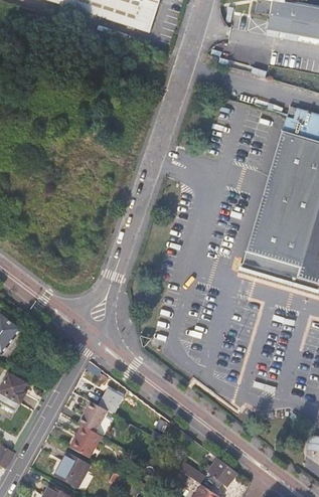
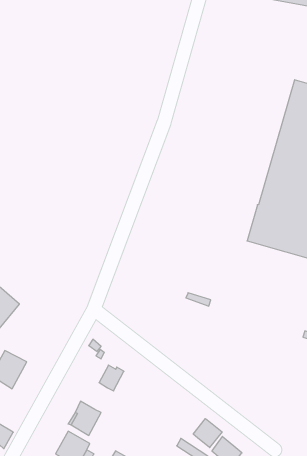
building: [76,399,106,431] -> none
building: none -> [193,419,222,448]

